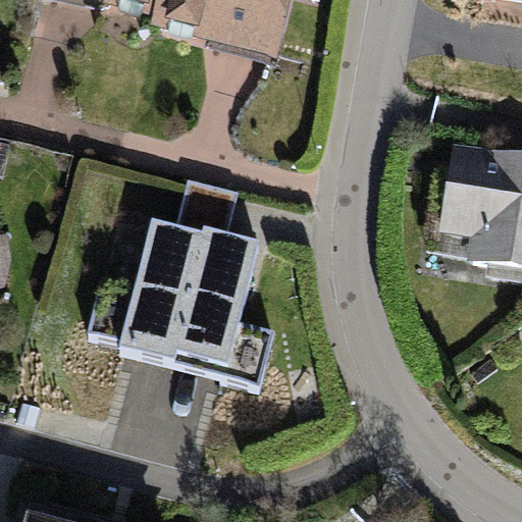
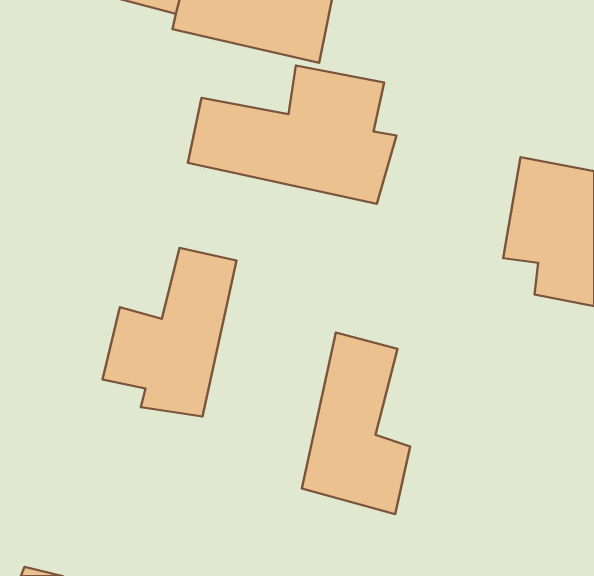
building: none -> [188,65,396,204]
building: [177,228,272,387] -> [302,333,410,514]

